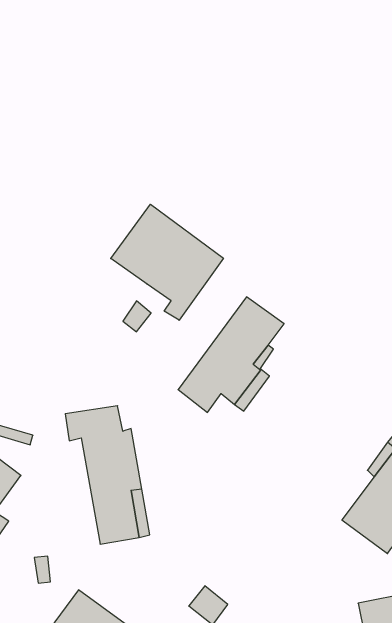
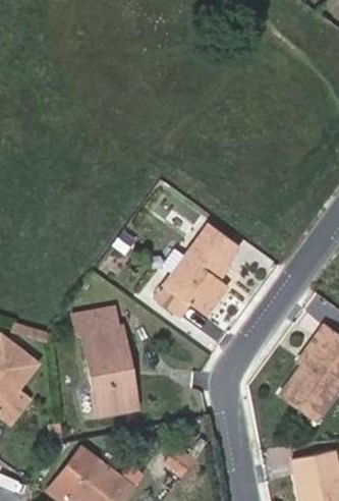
building: [111,204,223,320] -> none

